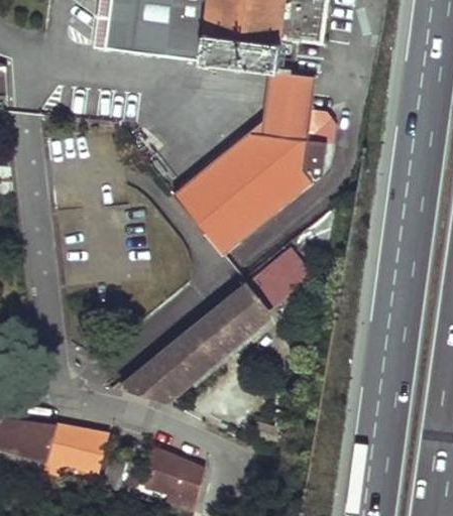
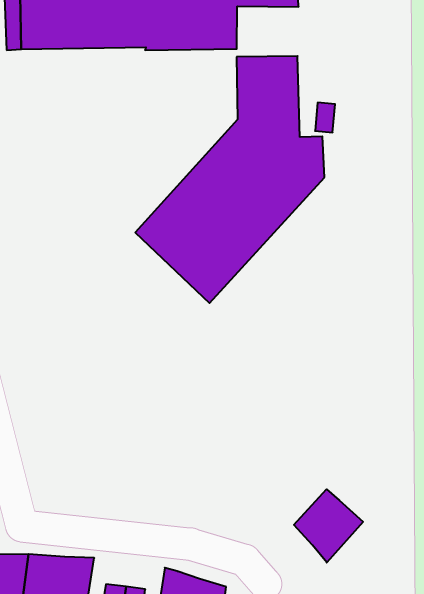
building: [120,245,312,400] -> none
building: none -> [294,489,363,563]

